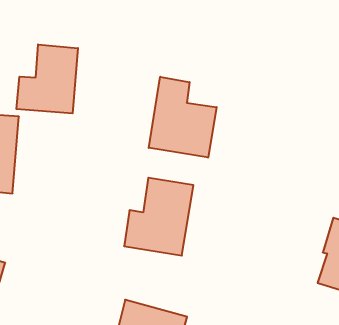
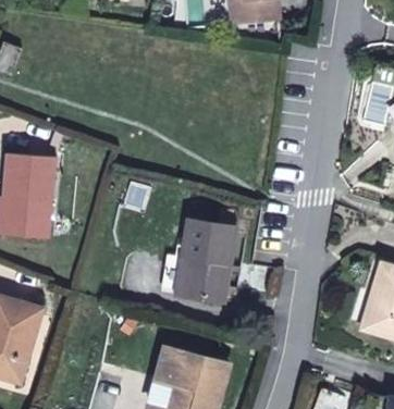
building: [16,44,78,113] -> none
building: [149,77,217,158] -> none

